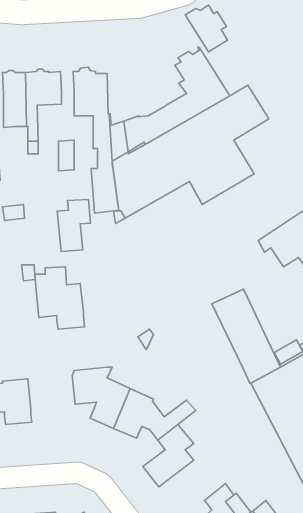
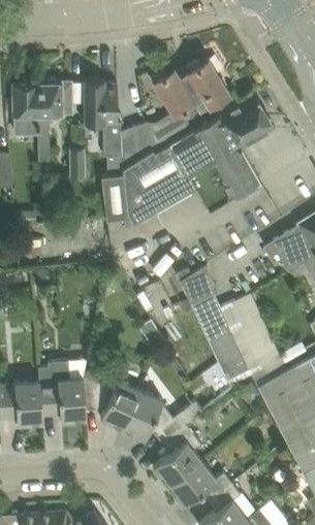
building: [185,5,228,52] -> [152,69,193,114]
building: [57,199,90,252] -> none
building: none -> [176,266,249,382]
building: [35,267,84,329] -> [38,362,87,423]
building: none -> [167,461,232,506]

